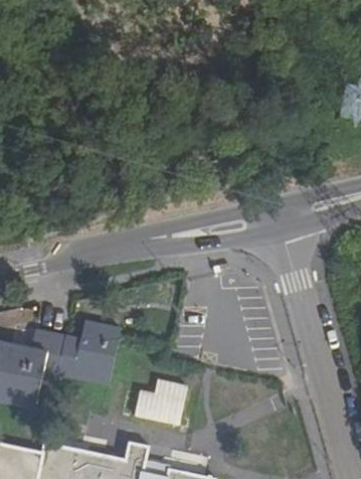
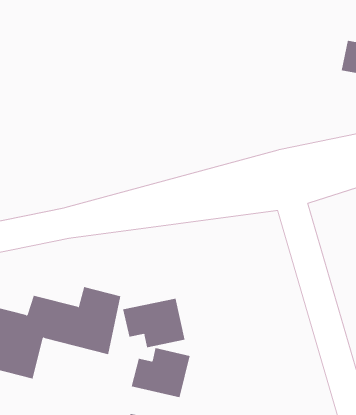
building: none -> [122,298,185,348]

